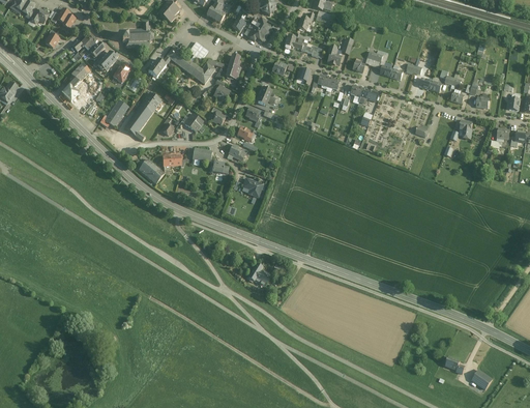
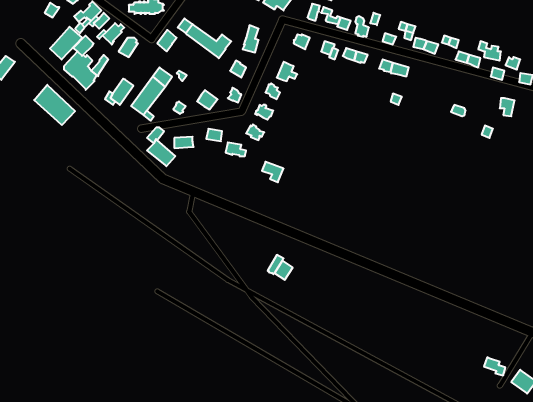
building: none -> [50,27,82,60]
building: none -> [34,85,75,125]

